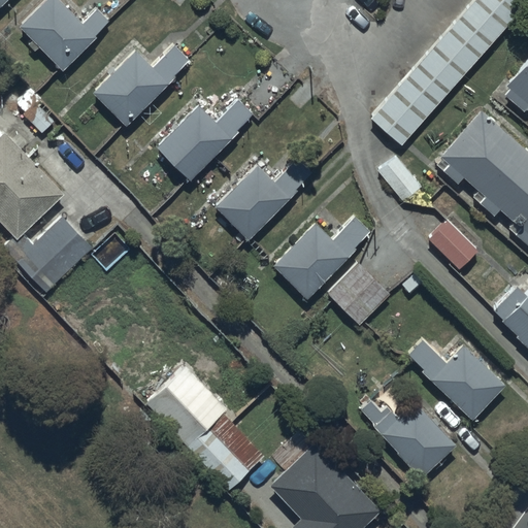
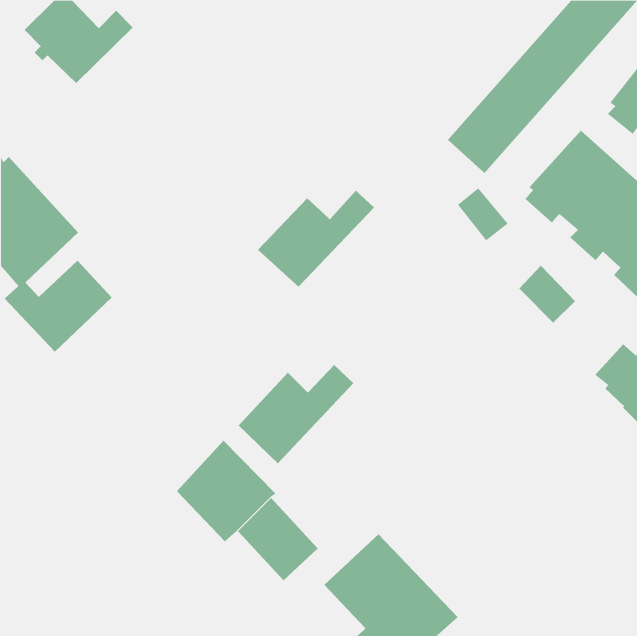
building: [94,47,189,127] -> none
building: [158,99,253,180] -> none
building: [272,218,368,300] -> [238,364,354,464]
building: [327,264,388,326] -> none
building: [408,340,504,422] -> none
building: [360,386,455,478] -> none

